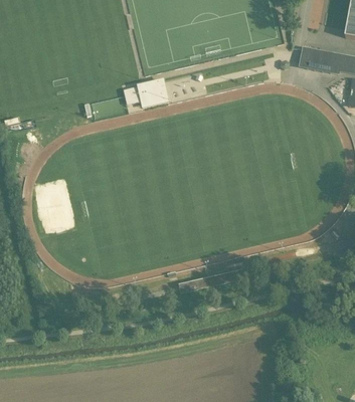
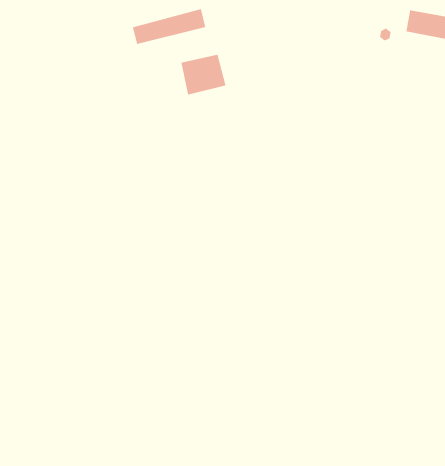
building: none -> [132,8,206,45]

